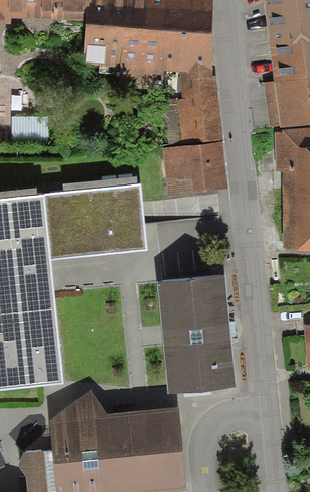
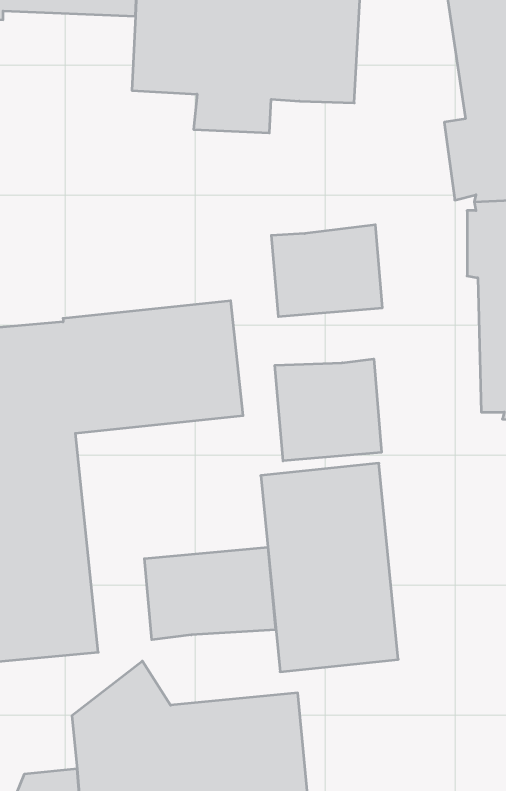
building: [177,70,222,145] -> none
building: none -> [275,359,381,461]
building: none -> [144,547,275,640]

